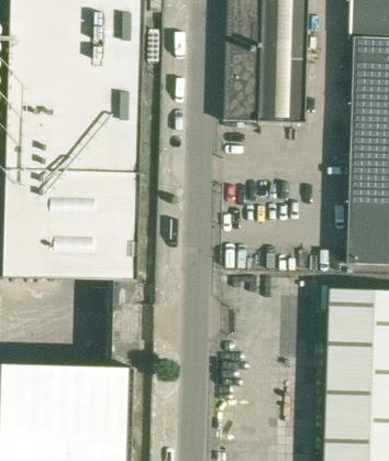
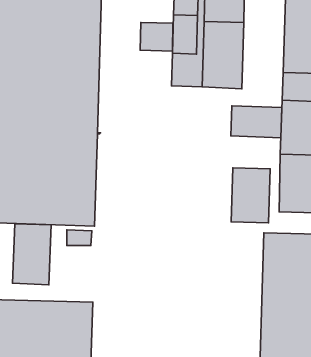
building: none -> [140,23,173,51]
building: none -> [231,106,282,138]
building: none -> [231,168,270,223]
building: none -> [12,224,51,285]

